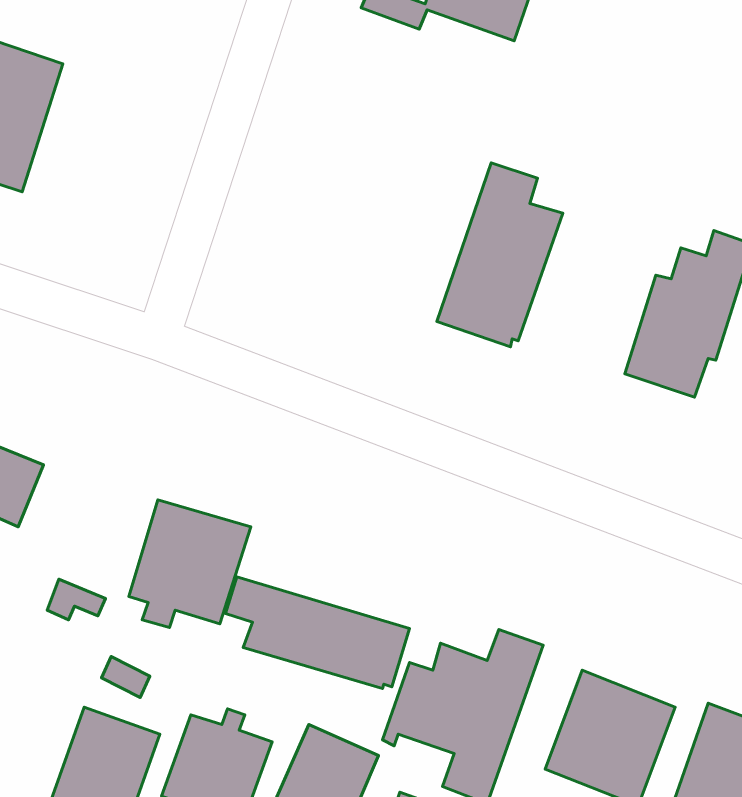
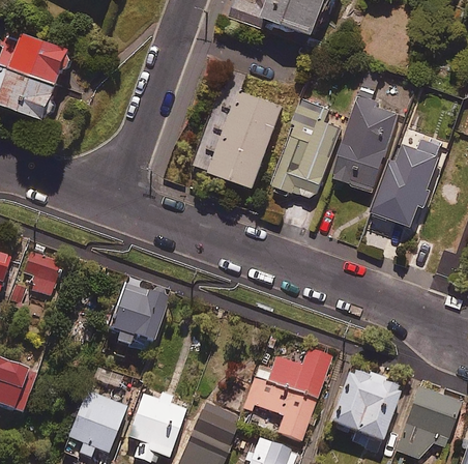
building: none -> [330,74,398,193]
building: none -> [209,91,282,189]
building: [225,577,409,689] -> none

